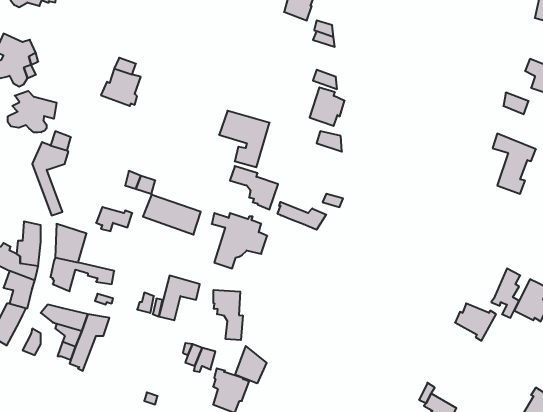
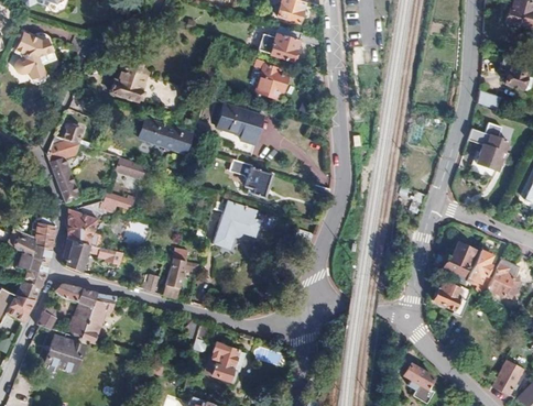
building: none -> [269,25,300,59]
building: [310,87,345,126] -> [254,63,286,98]
building: [8,91,57,132] -> none
building: [143,195,201,235] -> [139,118,192,154]
building: [278,202,326,230] -> none
building: none -> [442,242,474,284]
building: [214,290,243,340] -> none
building: [235,346,267,383] -> none
building: none -> [46,334,83,370]

